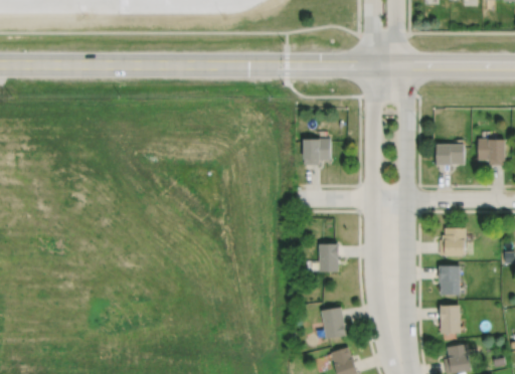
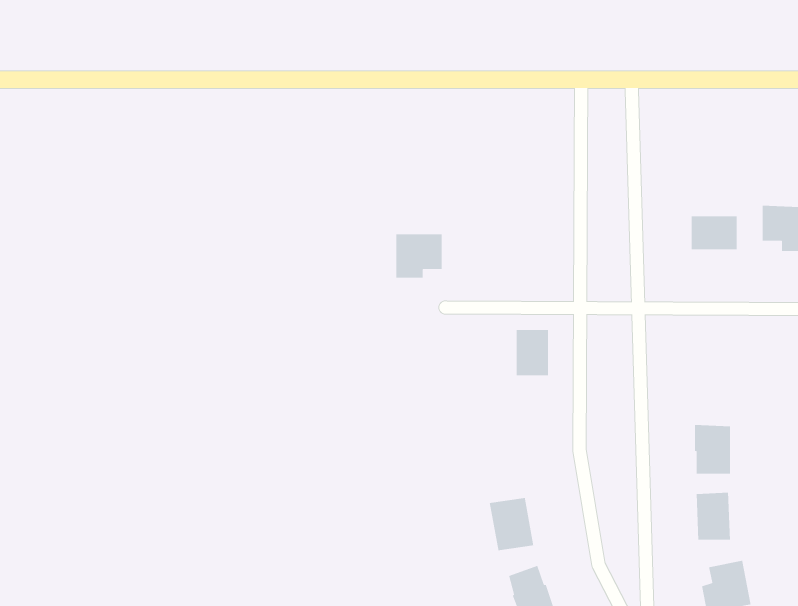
building: [303,139,330,165] -> [396,233,442,279]
building: [439,228,465,255] -> none
building: [319,244,338,271] -> [516,329,549,376]

